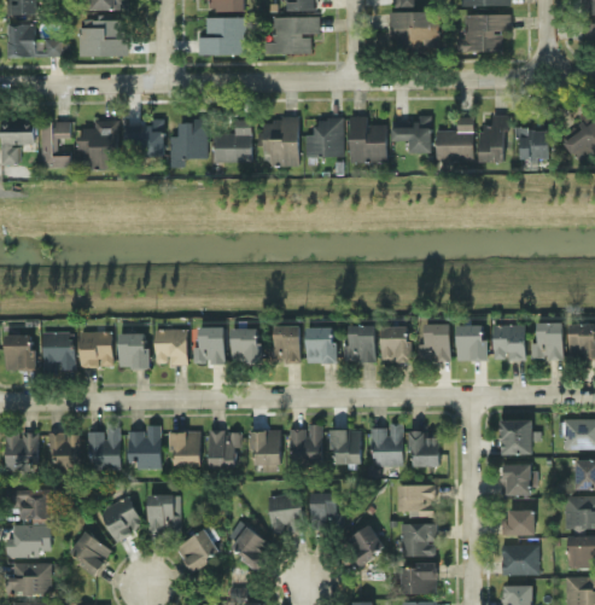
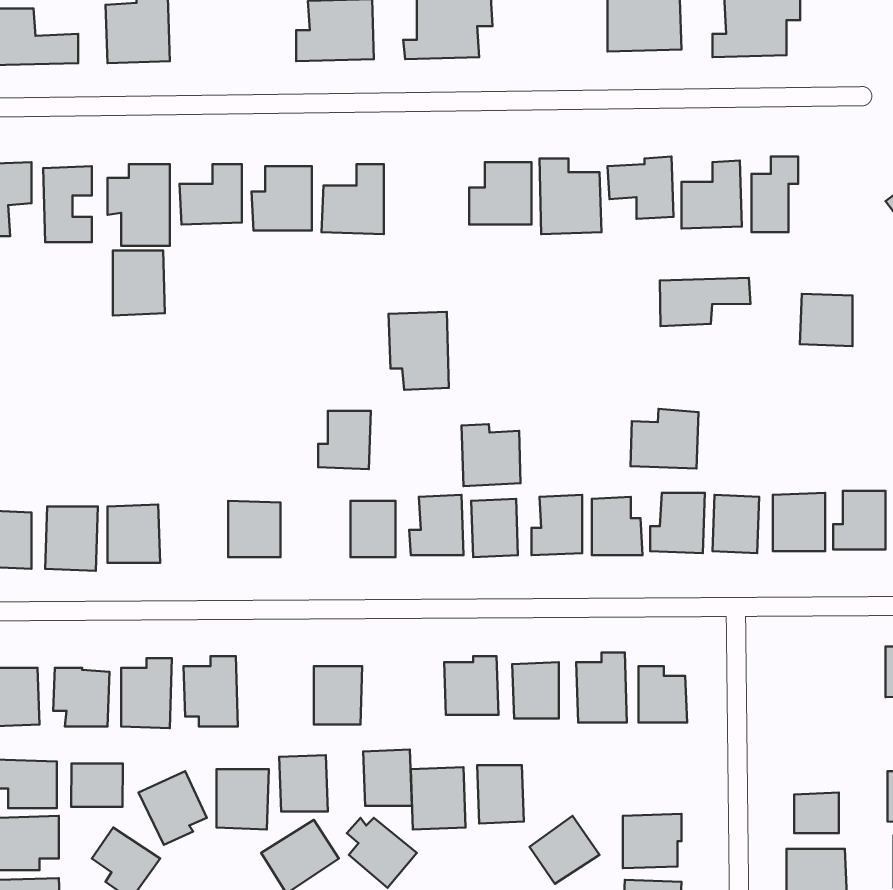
building: [262,118,299,167] -> [389,312,449,390]
building: [518,128,550,161] -> [800,294,852,346]
building: none -> [113,251,165,315]
building: none -> [660,278,751,326]
building: none -> [630,409,698,468]
building: none -> [462,424,521,486]
building: [193,327,226,363] -> [318,411,371,469]
building: [118,333,147,368] -> none
building: [500,419,532,455] -> none
building: [251,430,281,465] -> [363,750,412,806]
building: [171,431,202,466] -> [279,755,328,811]
building: [501,464,535,495] -> none
building: [398,484,436,517] -> none
building: none -> [71,763,123,807]

